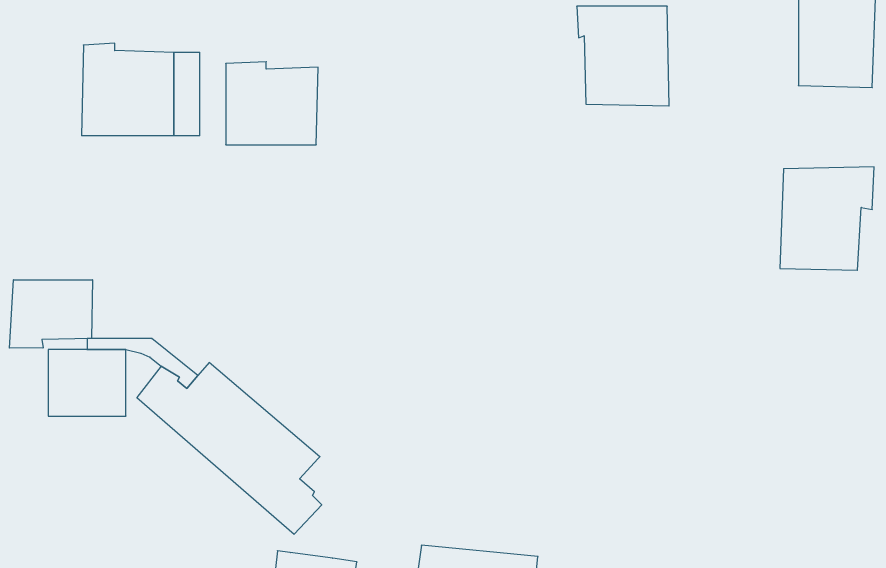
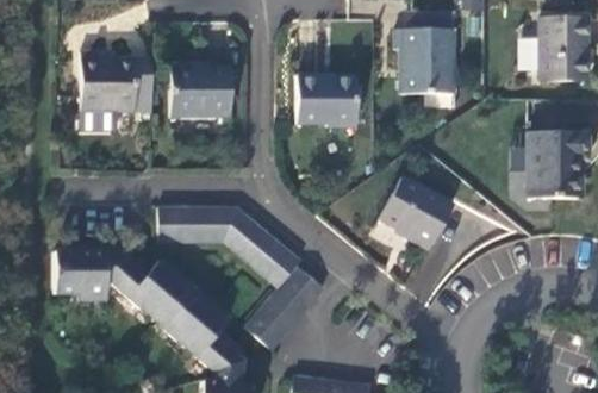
building: none -> [297,75,356,126]
building: none -> [380,177,451,250]
building: none -> [158,204,324,349]
building: [10,280,92,348] -> none
building: none -> [211,320,243,385]

